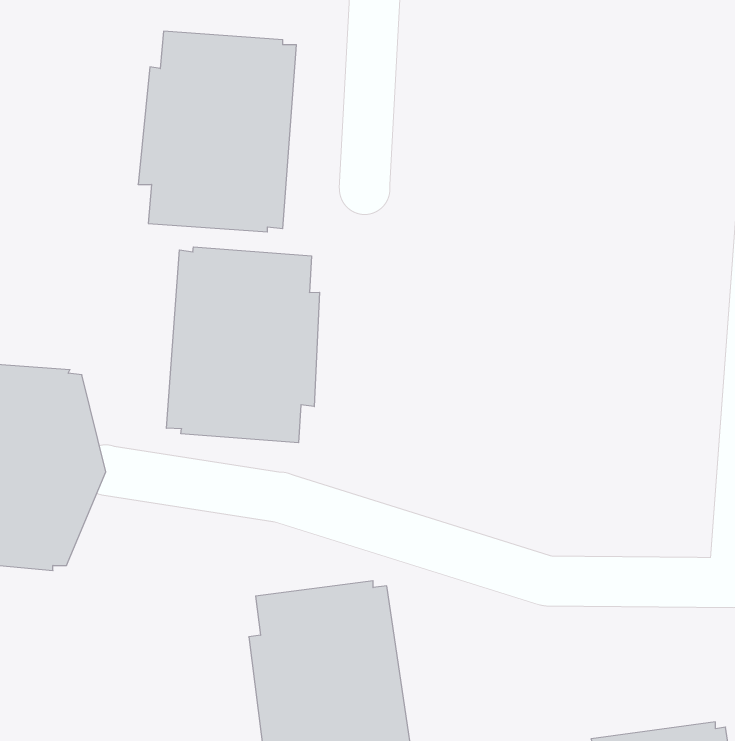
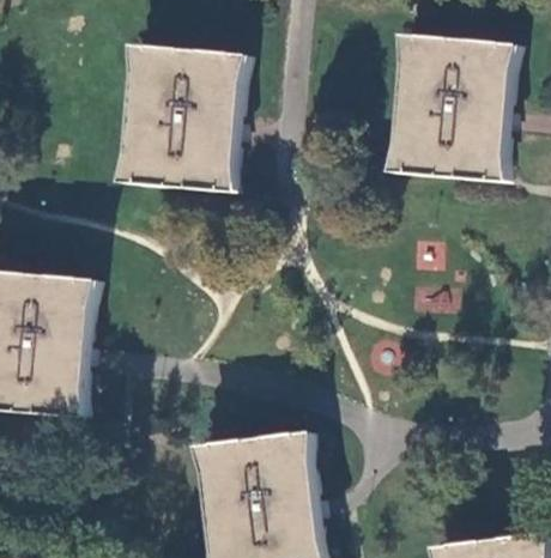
building: none -> [393,35,508,180]
building: [166,247,320,443] -> none

